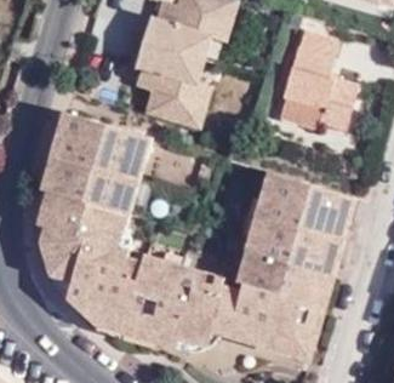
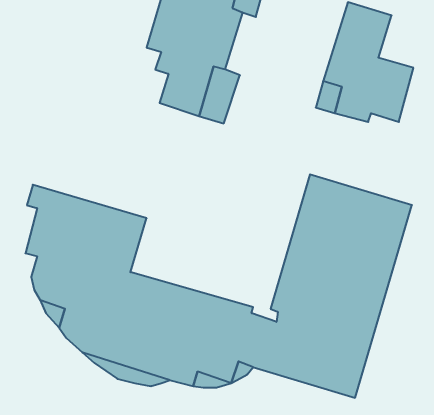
building: [41,110,158,210] -> none

